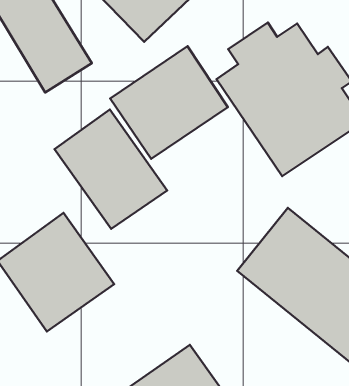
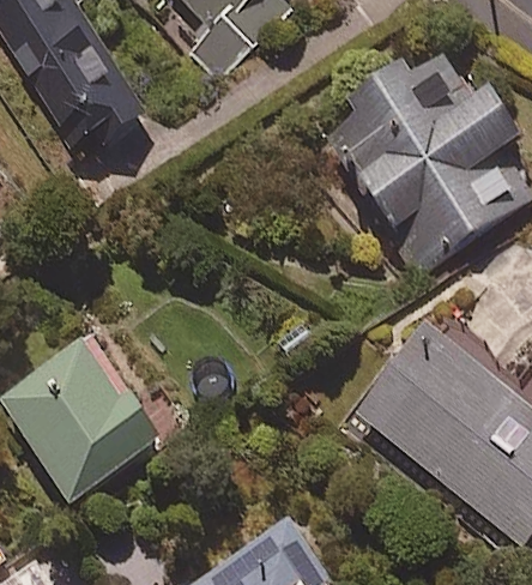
building: [110,46,228,159] -> none
building: [54,110,167,229] -> none

